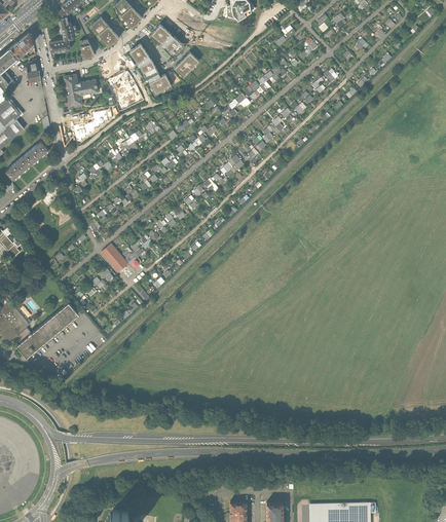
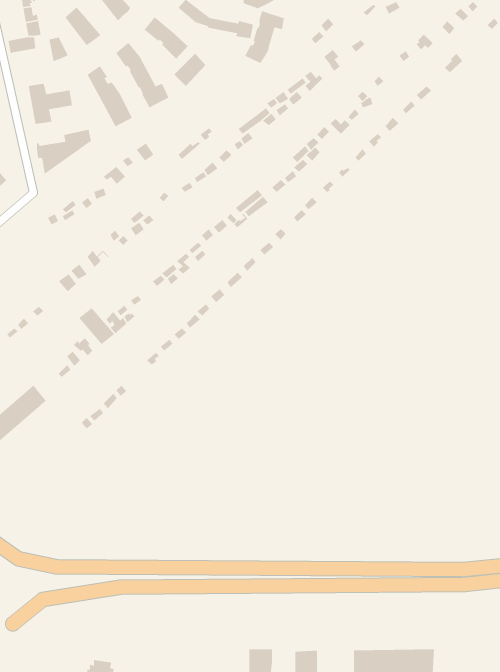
building: none -> [244,10,285,64]

